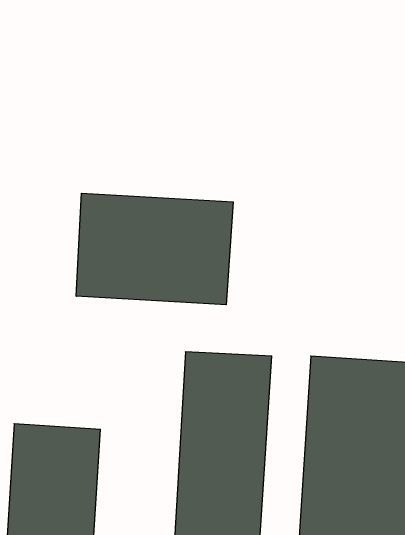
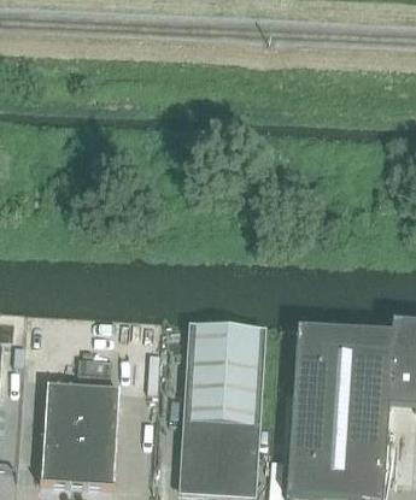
building: [76,193,233,305] -> none

